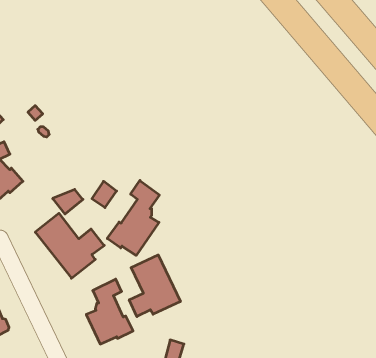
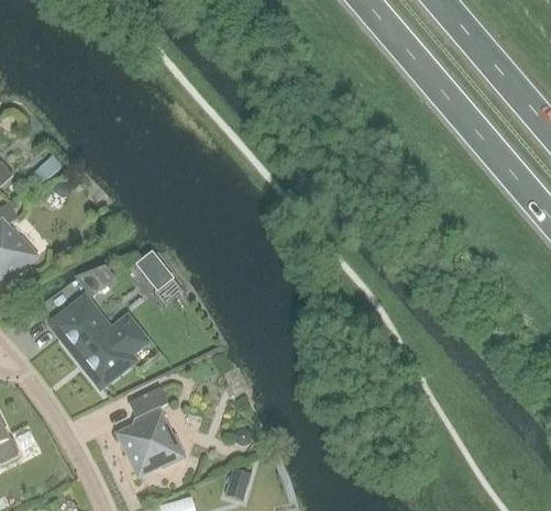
building: [107,180,159,255] -> none
building: [129,255,180,317] -> none

